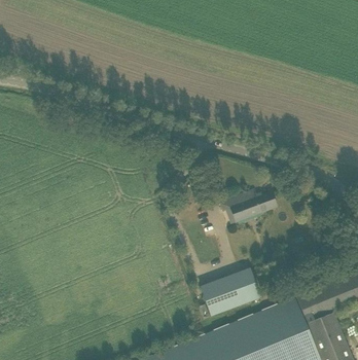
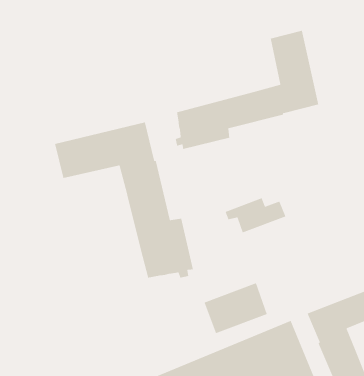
building: none -> [175,30,319,150]
building: none -> [54,122,194,279]

